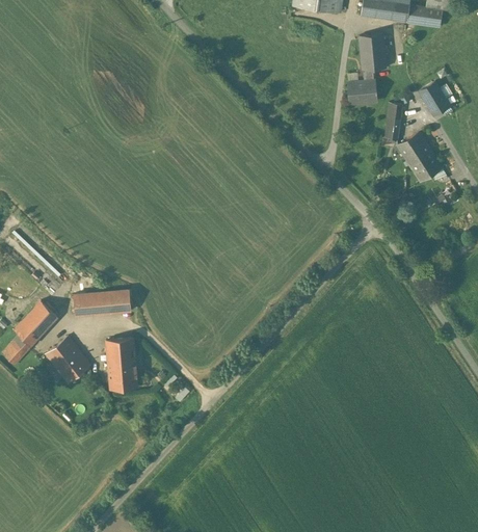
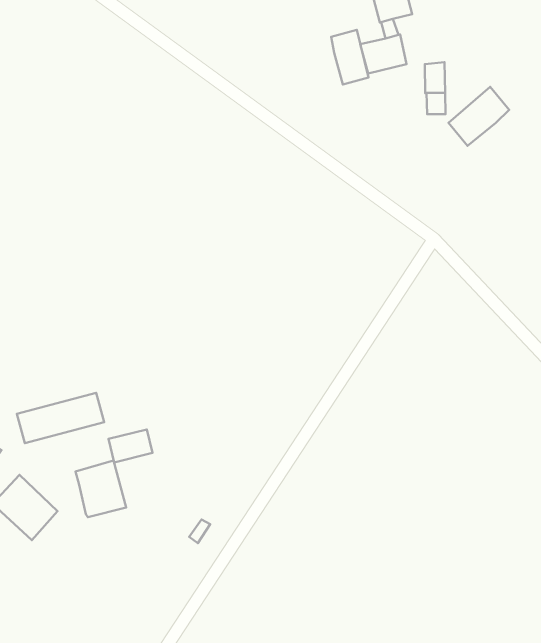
building: none -> [331,30,369,84]
building: [419,83,448,115] -> none
building: [407,152,440,182] -> none
building: [108,371,136,390] -> [109,429,152,462]

